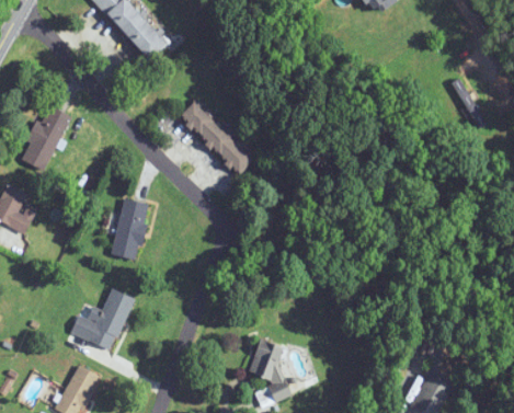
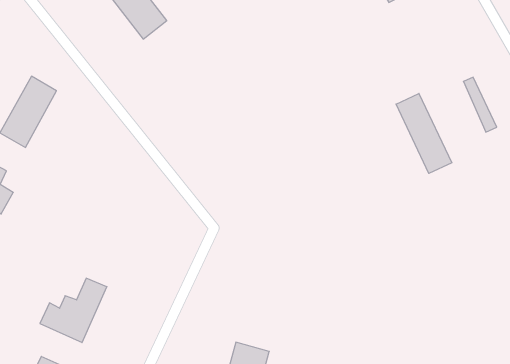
building: none -> [396,93,452,173]
building: [181,102,253,173] -> none
building: [112,198,151,260] -> none

